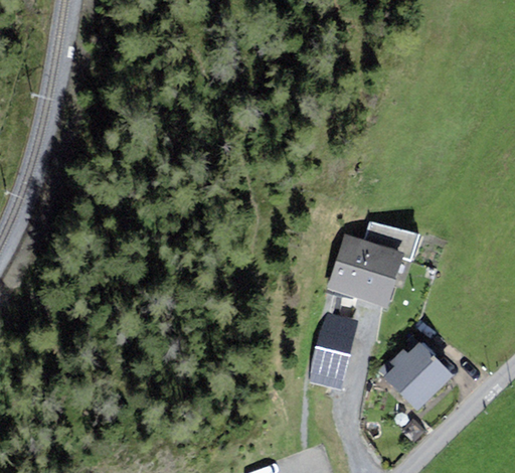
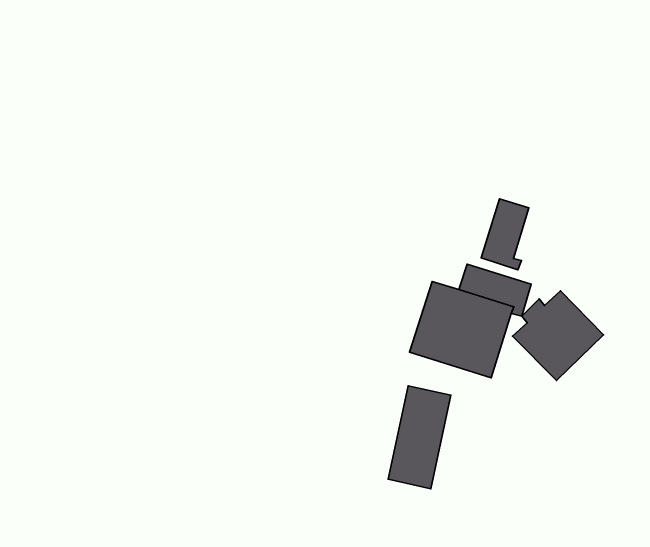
building: none -> [481,199,529,270]
building: [383,342,452,410] -> [512,291,603,380]

